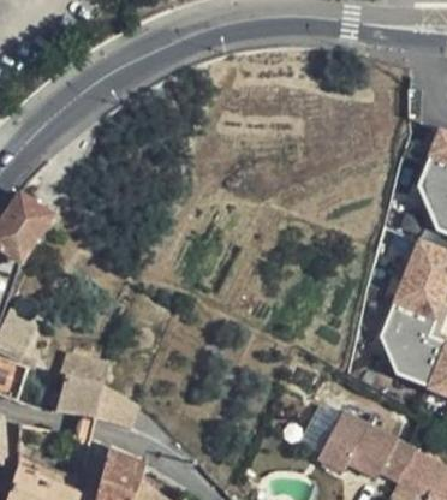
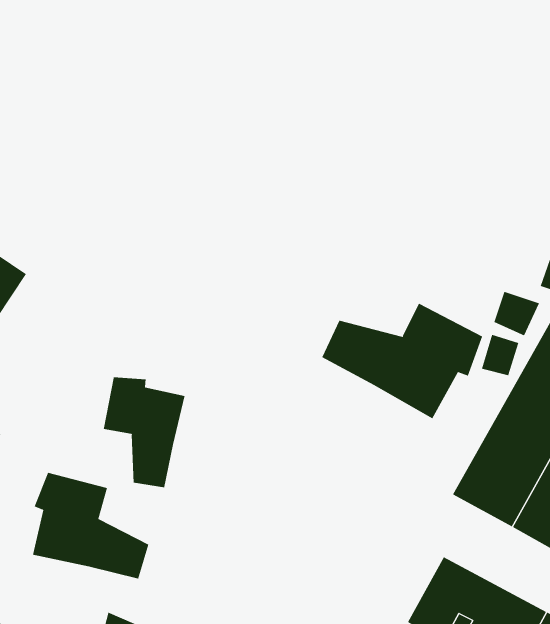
building: none -> [322,303,483,419]
building: none -> [103,377,185,488]

